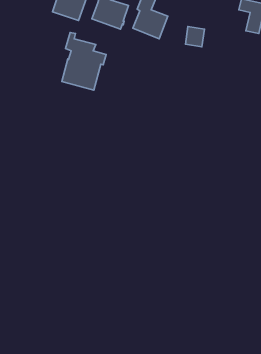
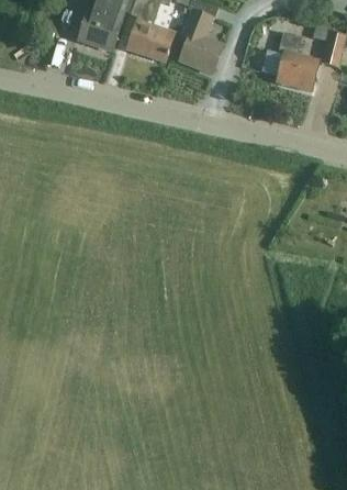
building: none -> [277,32,318,89]
building: [62,32,106,90] -> none

